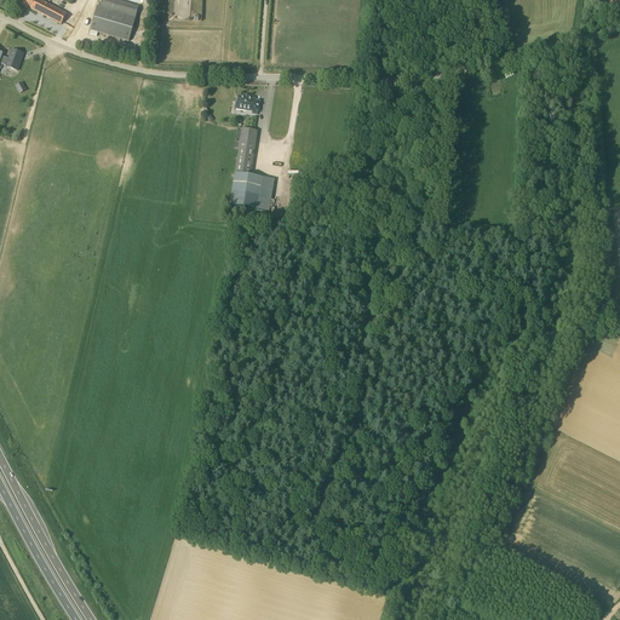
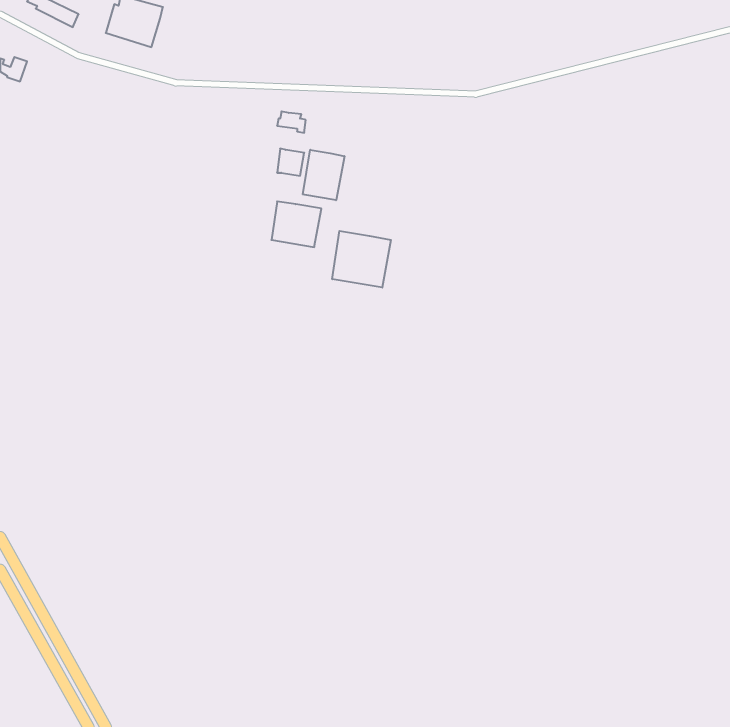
building: none -> [303,150,344,200]
building: none -> [332,231,391,288]

